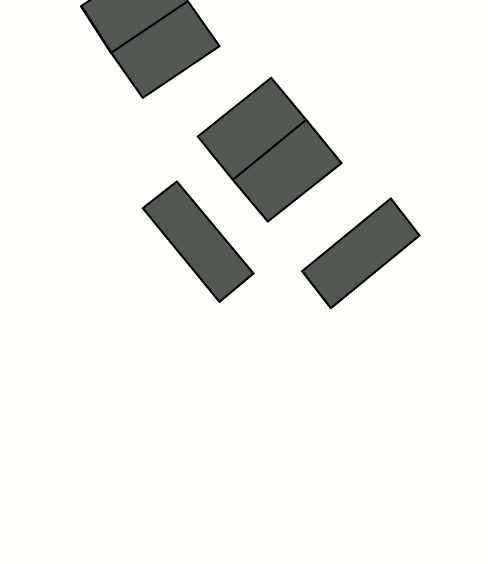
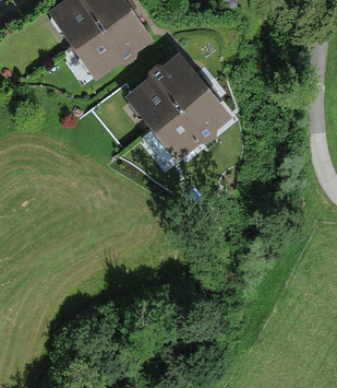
building: [143,182,253,302] -> none
building: [302,198,419,308] -> none

